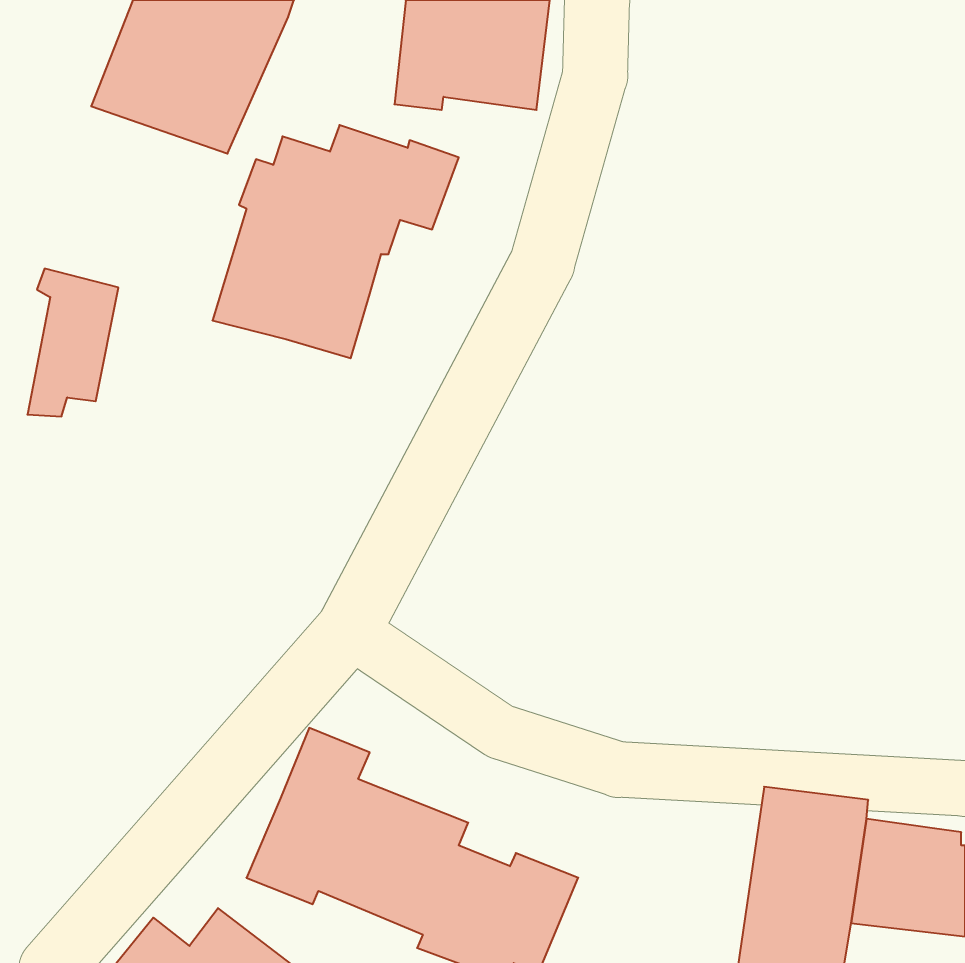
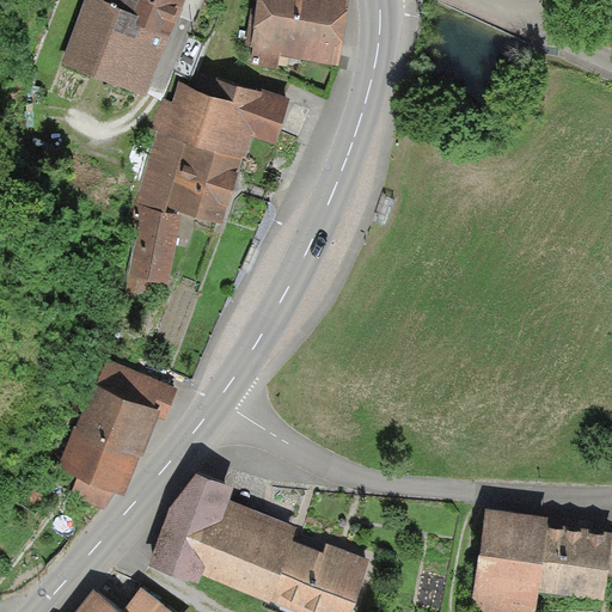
building: [27,269,118,416] -> [123,206,180,299]
building: none -> [60,362,176,506]

